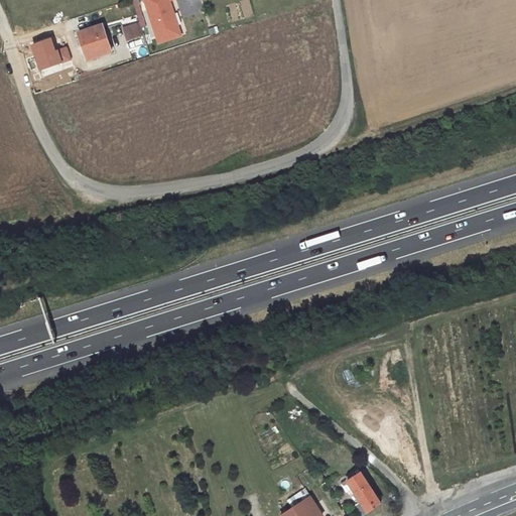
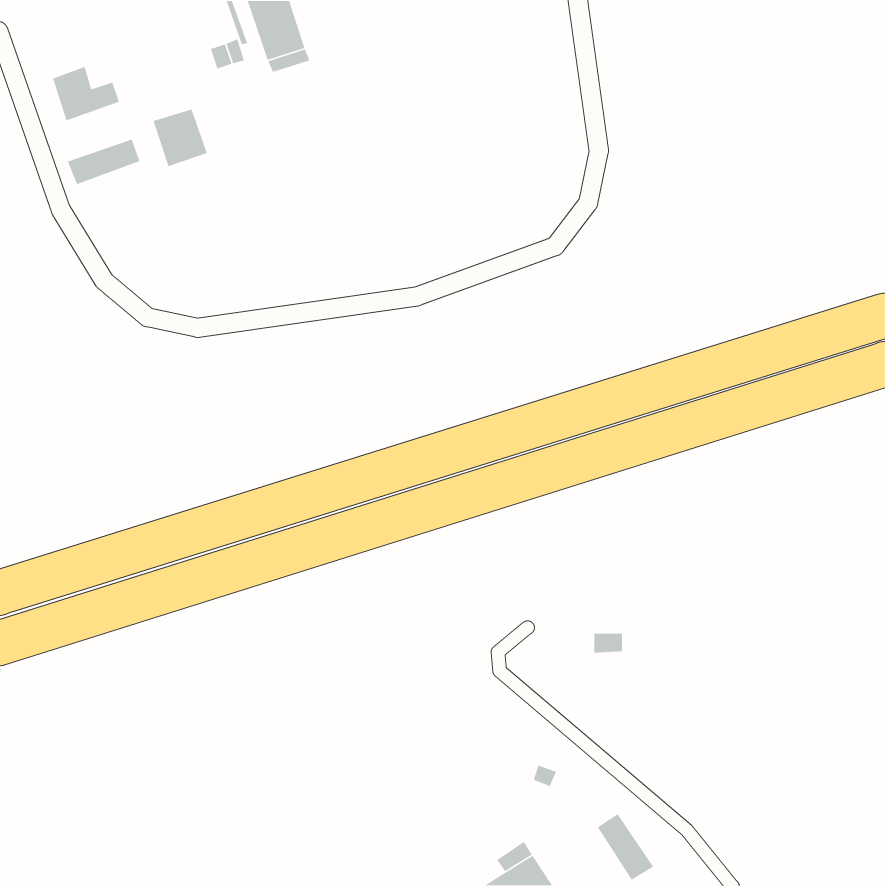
building: [78,25,110,59] -> [152,108,208,167]
building: none -> [67,139,140,185]

